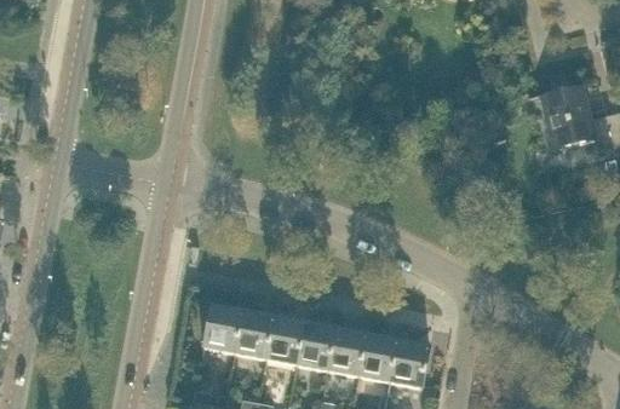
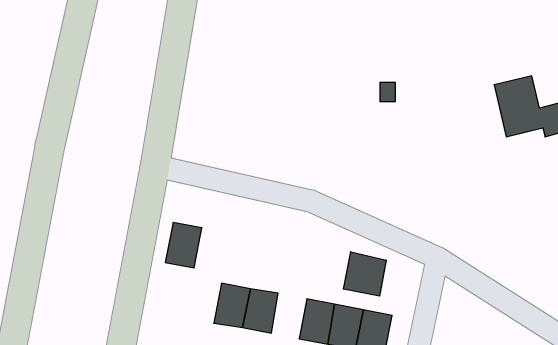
building: none -> [343,252,386,296]
building: [202,305,242,355] -> [165,222,202,268]
building: [297,322,335,371] -> none

